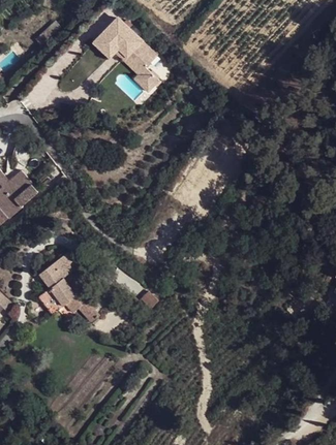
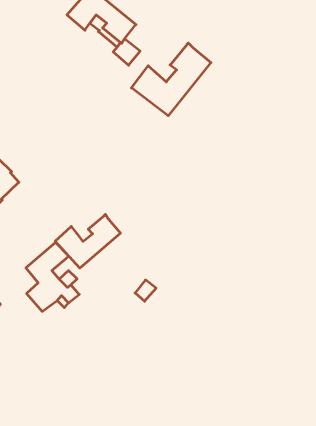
building: none -> [131,43,211,116]
building: none -> [55,214,120,268]

